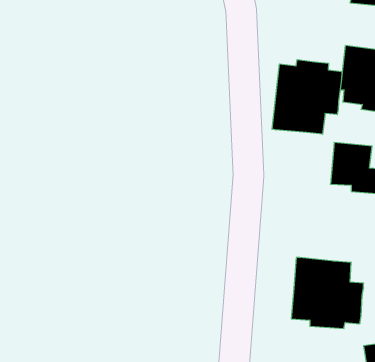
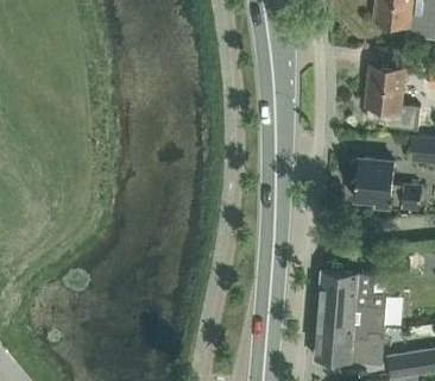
building: [272,60,342,134] -> none
building: none -> [314,331,383,366]

